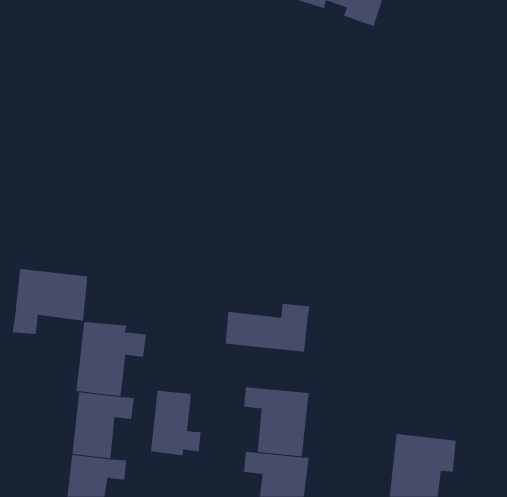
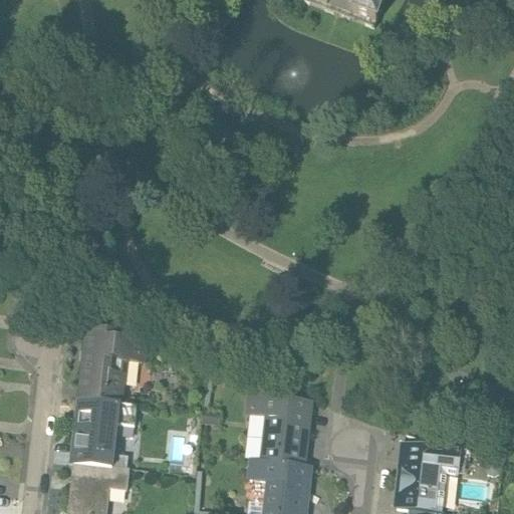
building: [12,268,88,335] -> none
building: [225,303,310,353] -> none
building: [150,390,201,456] -> none

